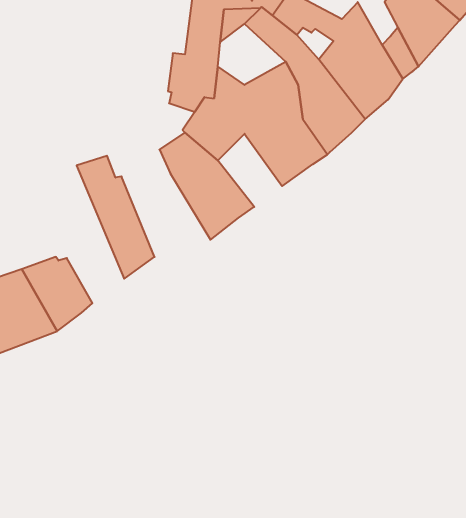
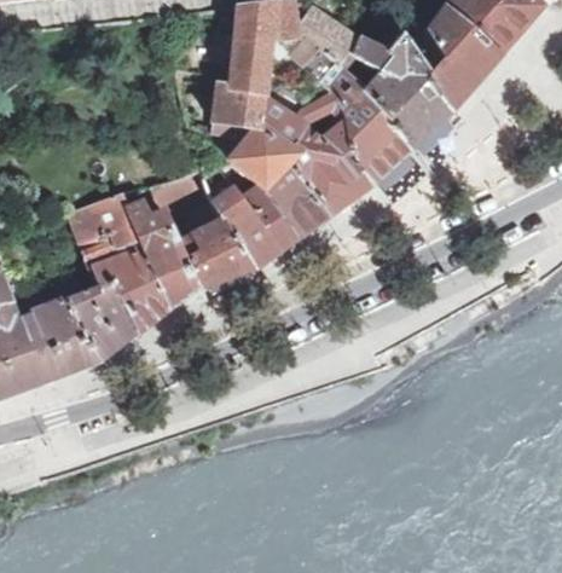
building: none -> [261,164,325,237]
building: none -> [151,169,254,288]
building: none -> [71,196,168,332]

